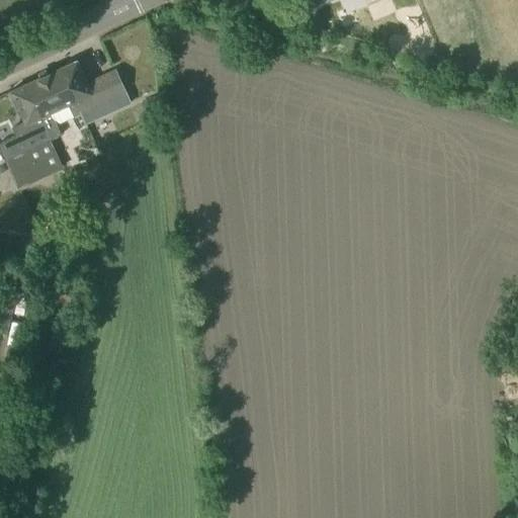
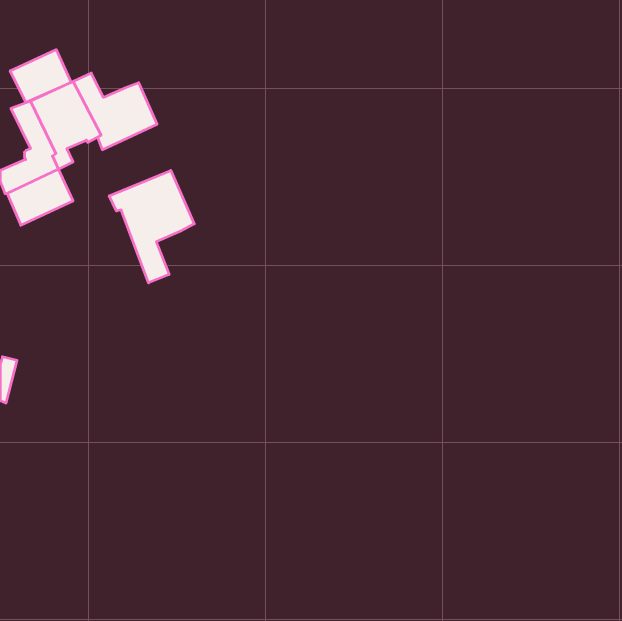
building: none -> [10,50,71,103]
building: none -> [109,170,194,283]

